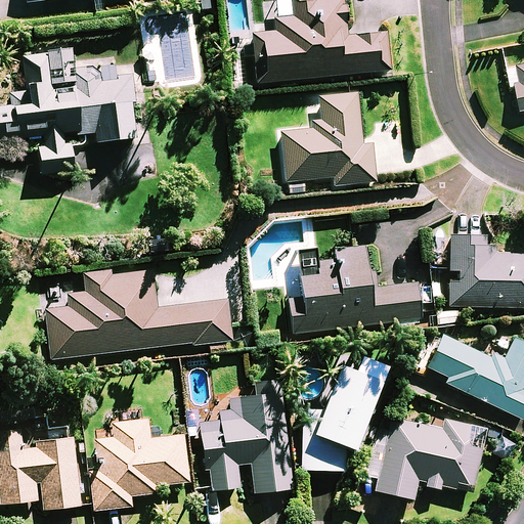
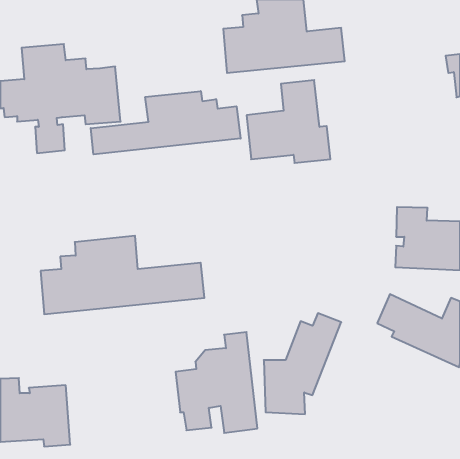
building: none -> [91,91,241,154]
building: [288,244,420,333] -> none
building: [364,418,487,499] -> none
building: [89,419,189,510] -> none

